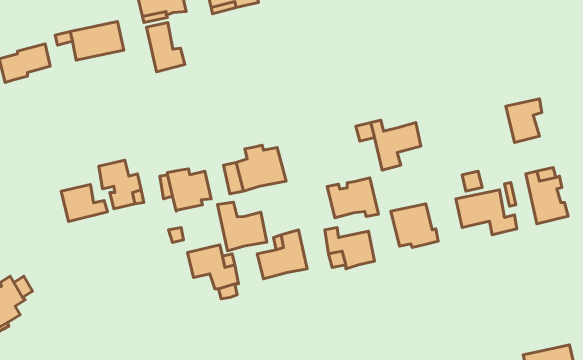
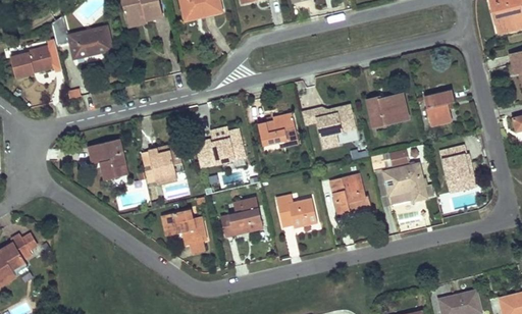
building: [146,23,185,72] -> none
building: none -> [367,94,408,126]
building: [327,178,379,218] -> [257,113,299,146]
building: [61,184,108,222] -> none
building: [217,202,267,251] -> none

